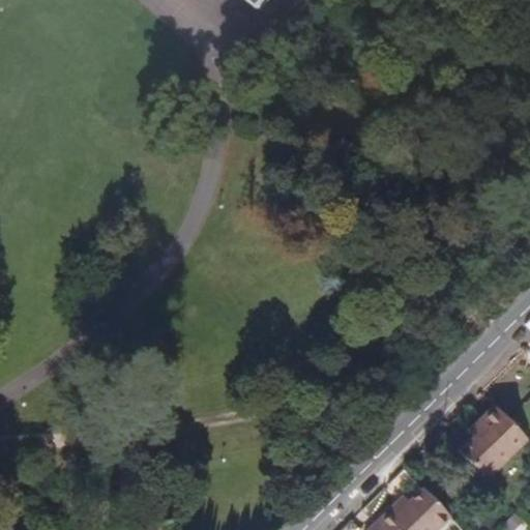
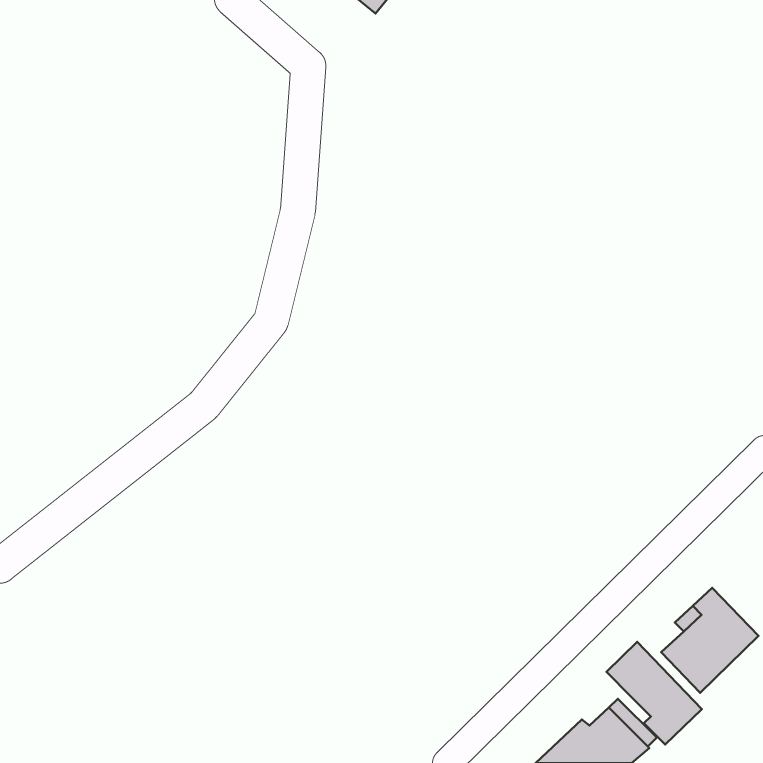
building: none -> [606,642,702,745]

